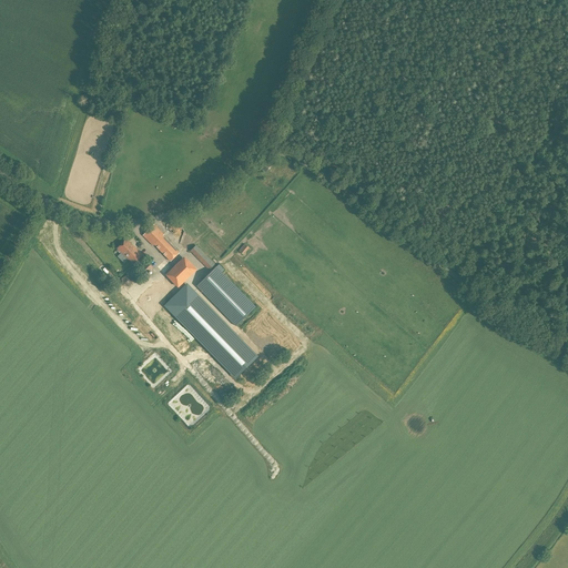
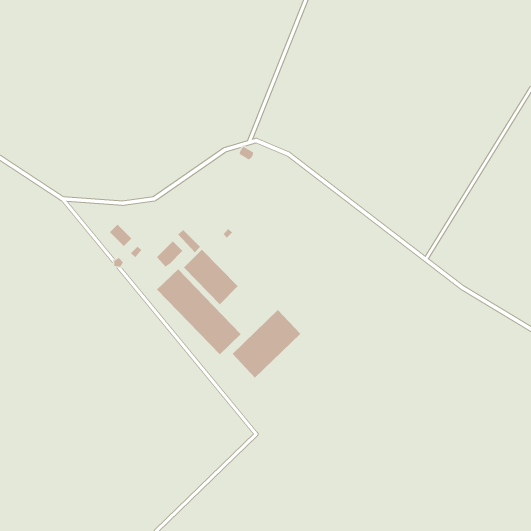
building: [142,224,179,260] -> none
building: none -> [232,309,301,378]

